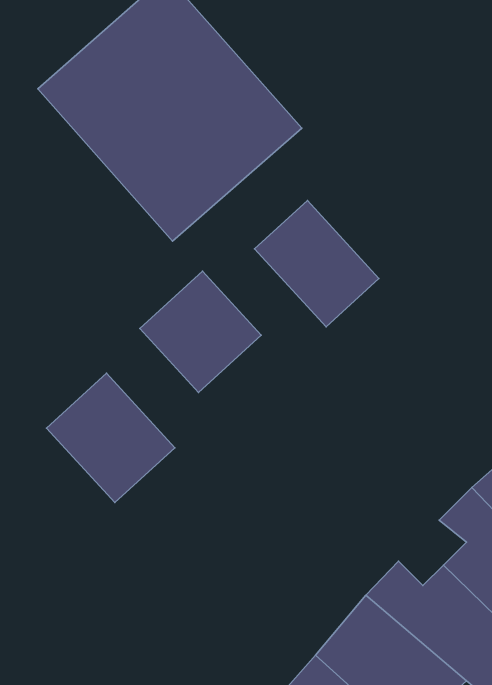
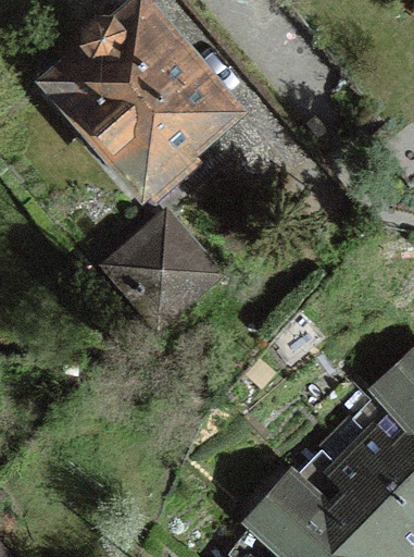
building: [255,200,379,327] -> none
building: [47,373,175,503] -> none

